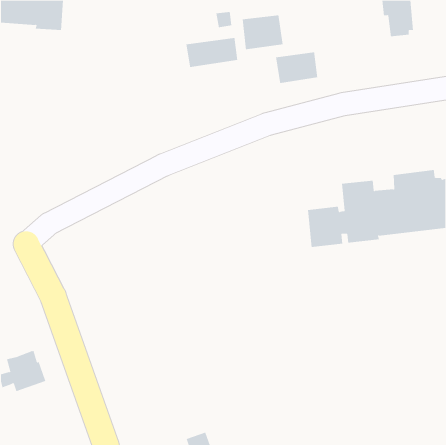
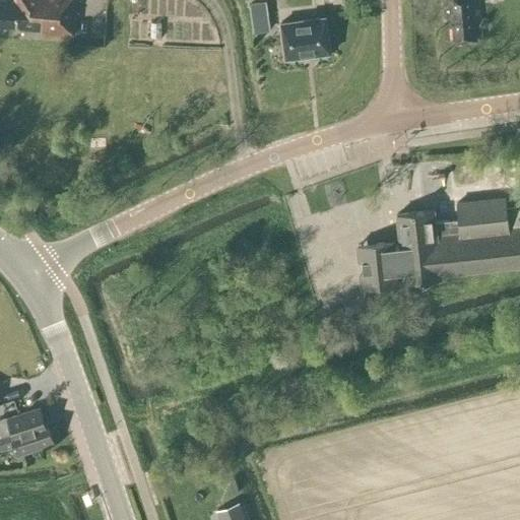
building: [186,37,238,68] -> none
building: [275,51,318,84] -> none

